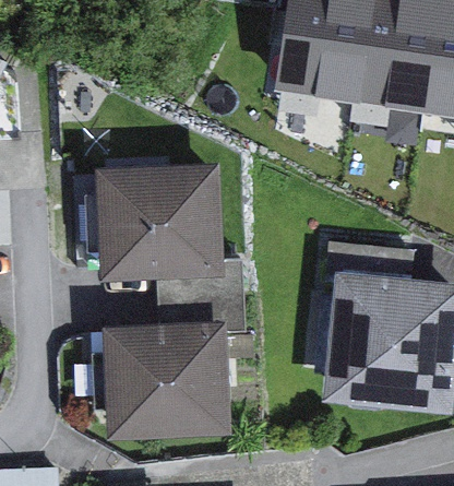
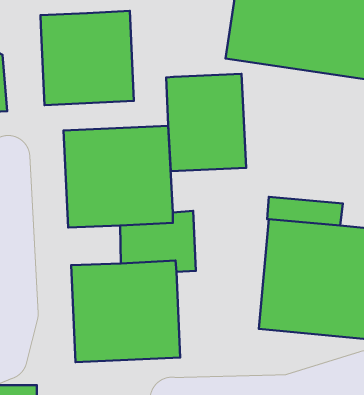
building: none -> [41,11,134,105]
building: none -> [166,74,246,171]

